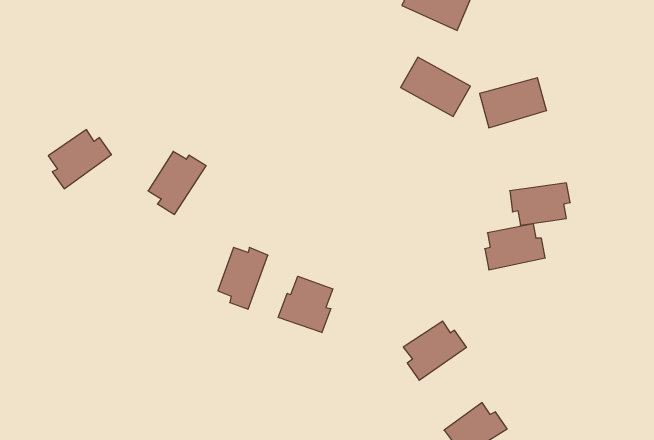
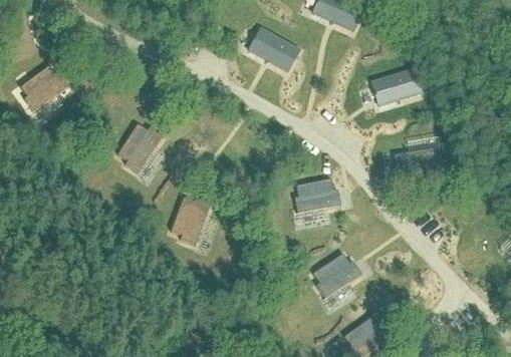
building: [401,57,470,116] -> [248,26,301,71]
building: [48,130,111,189] -> [21,65,69,110]
building: [485,224,545,270] -> [294,177,340,213]
building: [278,276,333,333] -> none

